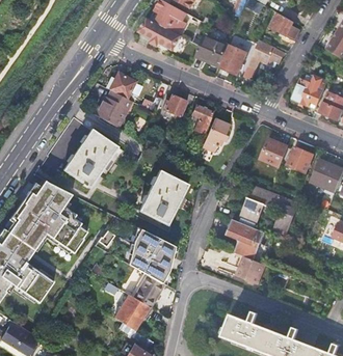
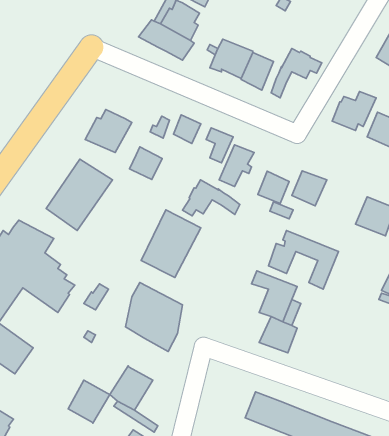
building: [270,13,299,39] -> none
building: [110,72,136,98] -> [130,147,162,179]
building: [288,146,313,172] -> [258,171,289,204]
building: none -> [183,180,240,216]
building: [131,273,164,307] -> [68,380,110,423]

